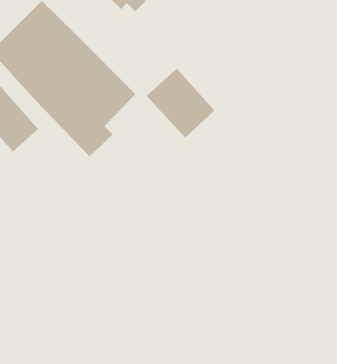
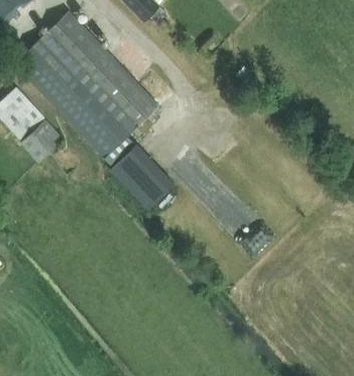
building: [146,68,215,138] -> [115,140,183,209]

